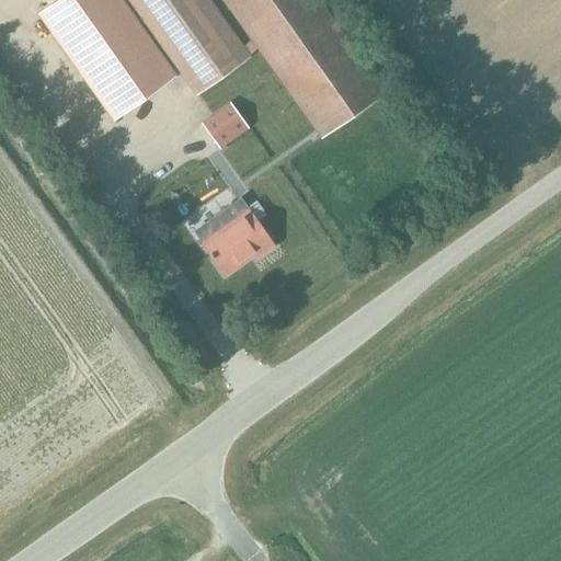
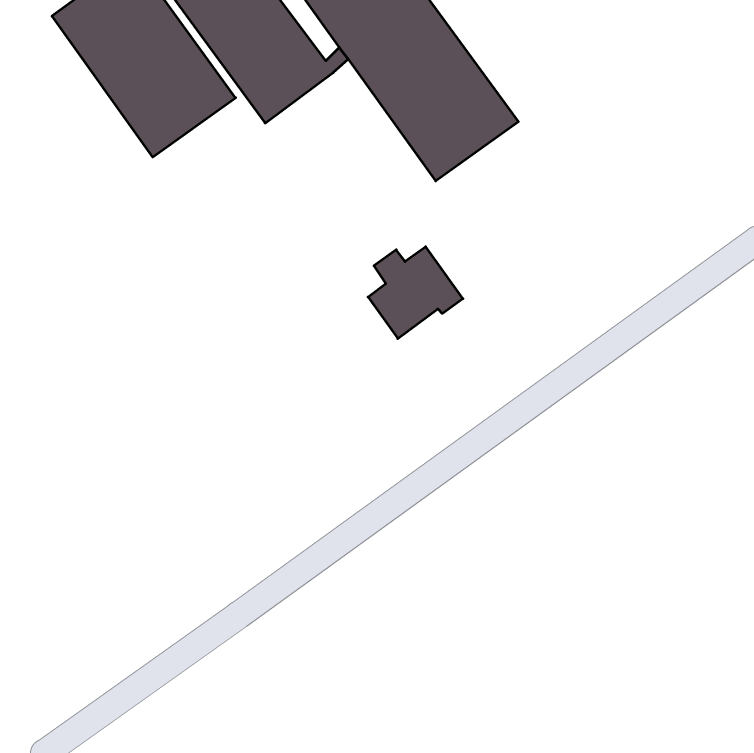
building: [204,100,250,146] -> none
building: [205,205,275,273] -> [368,247,463,339]

